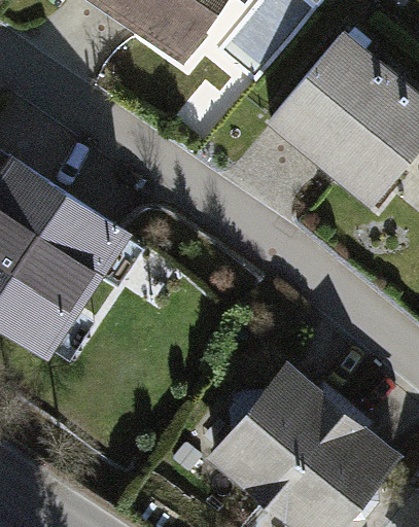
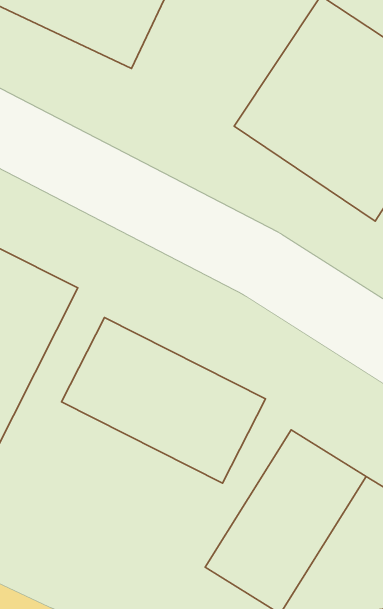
building: none -> [62,318,265,483]

